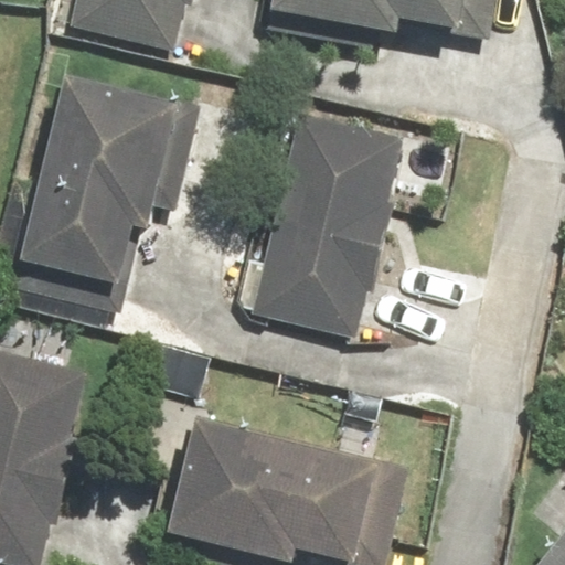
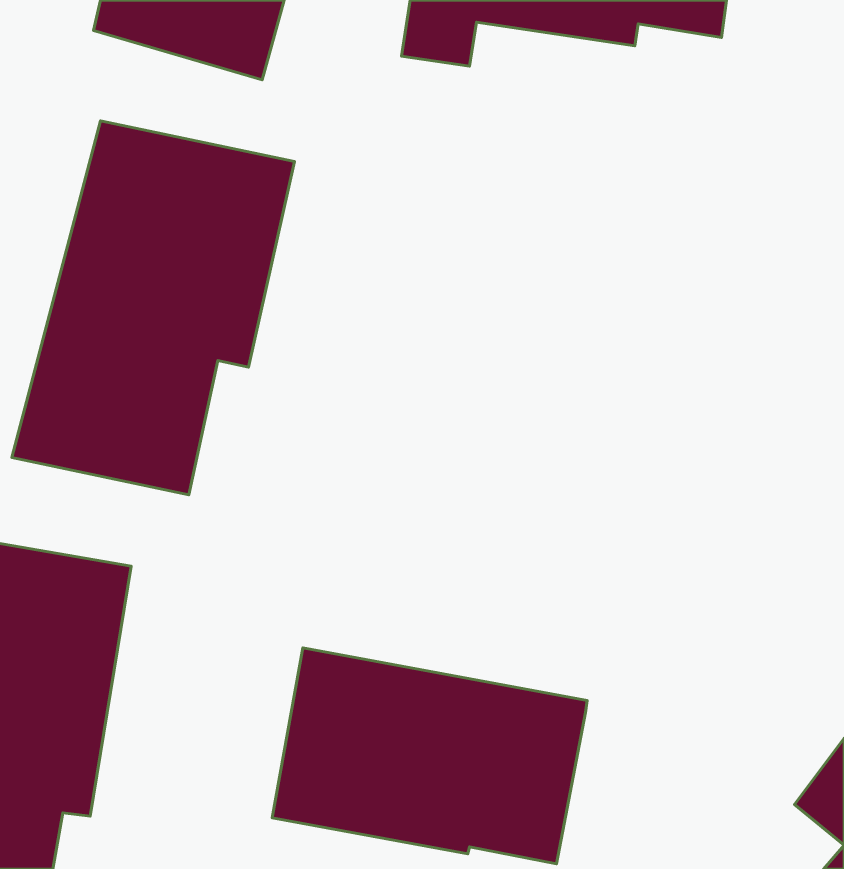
building: [245,124,399,339] -> none

